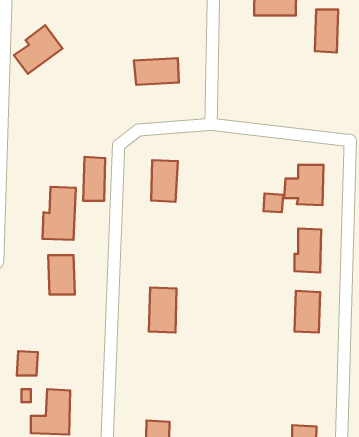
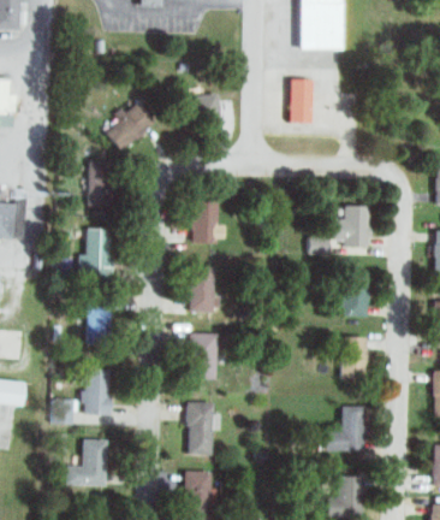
building: [315,10,338,52] -> [290,78,314,123]
building: [14,25,63,74] -> [106,100,156,150]
building: [83,157,105,201] -> [89,160,112,206]
building: none -> [191,265,221,311]
building: none -> [84,370,112,414]
building: none -> [188,401,222,455]
building: none -> [326,406,365,450]

